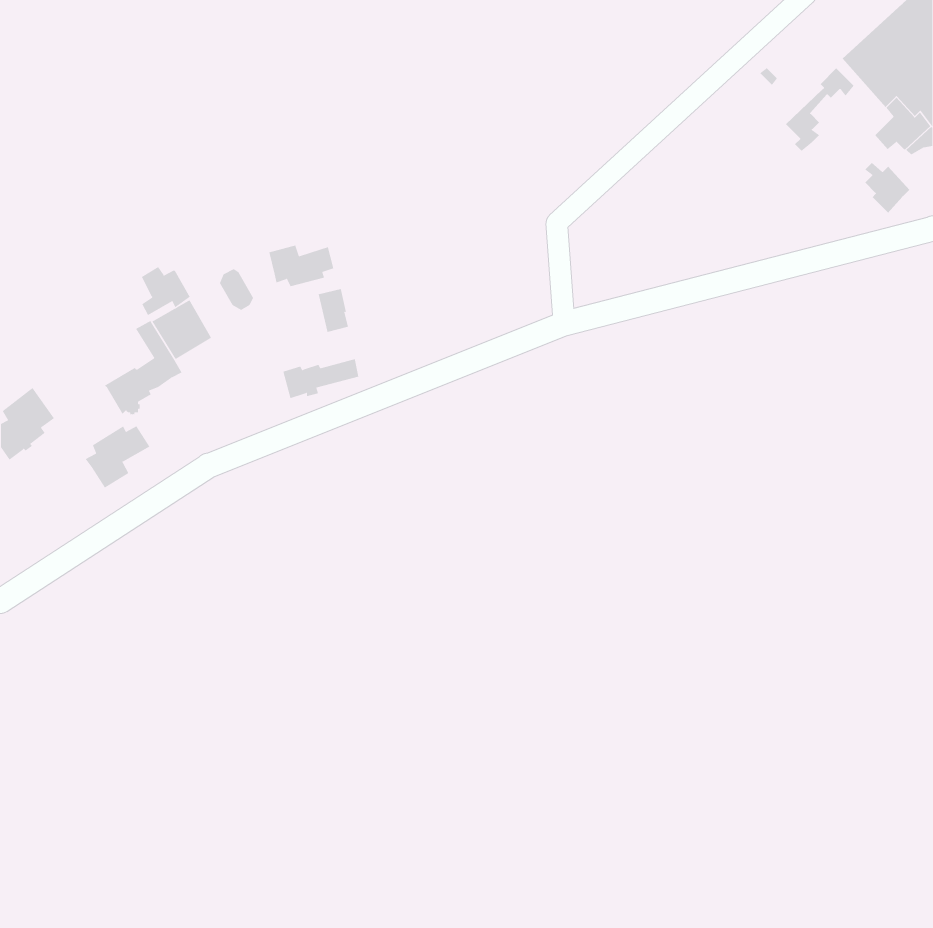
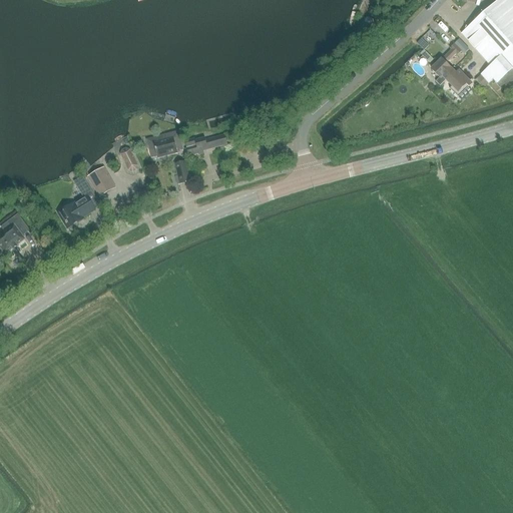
building: [864,162,910,213] -> [446,67,471,95]
building: [141,266,191,316] -> none
building: [282,359,359,399] -> [185,132,227,154]
building: [85,425,150,489] -> none

